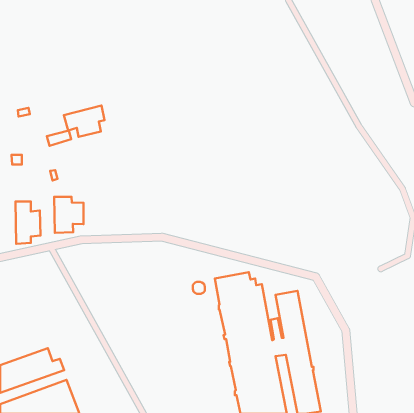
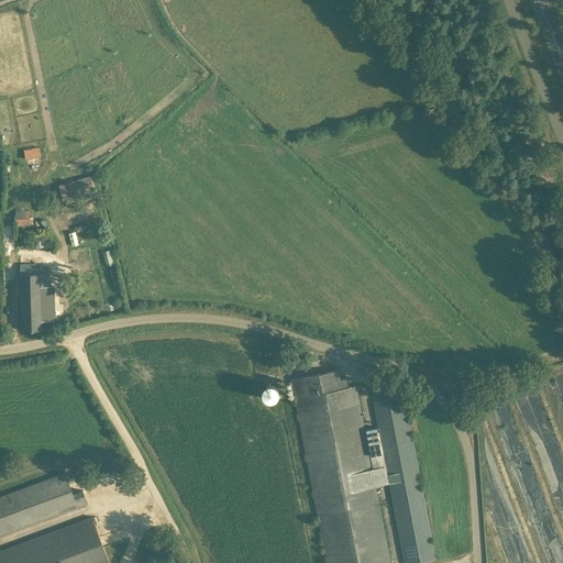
building: [64,105,105,137] -> none
building: [54,197,83,233] -> none

